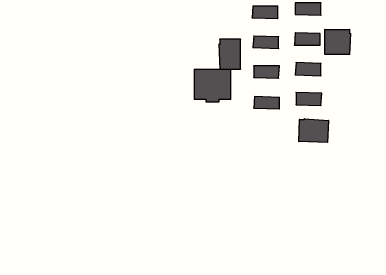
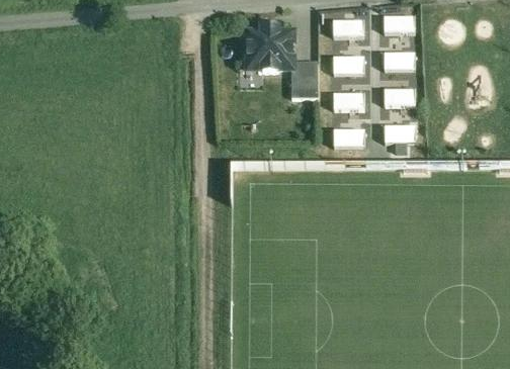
building: [325,29,351,54] -> none
building: [194,69,231,102] -> [247,30,291,70]
building: [299,119,328,142] -> none

